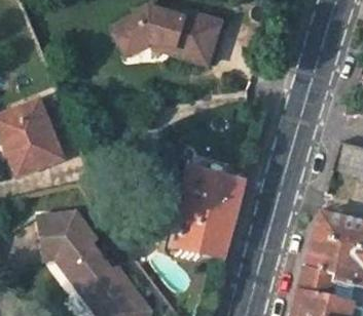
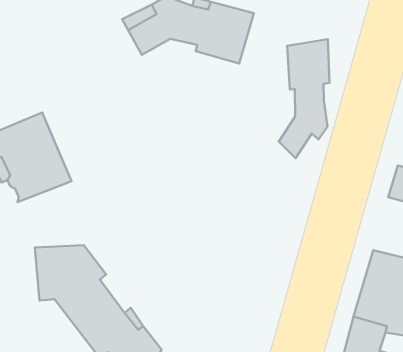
building: none -> [279,39,330,158]
building: [167,164,243,255] -> none

